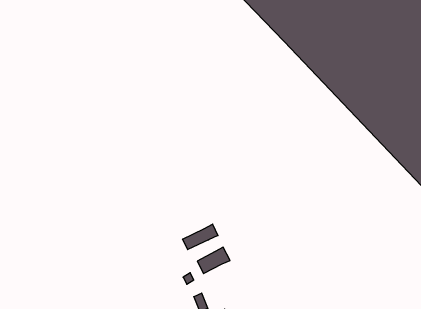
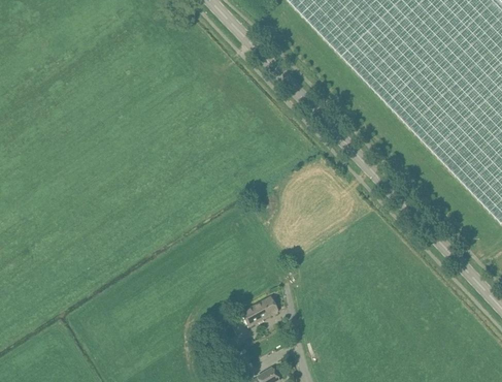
building: [183,224,218,250] -> none

